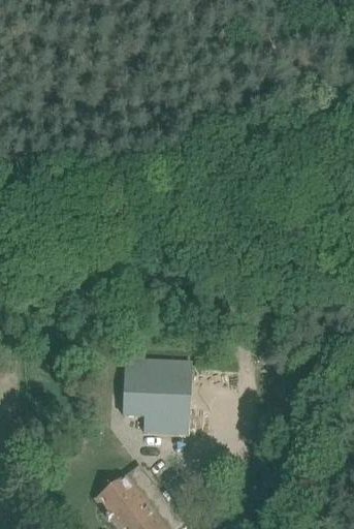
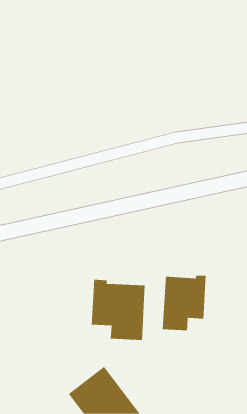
building: none -> [162,275,206,331]

